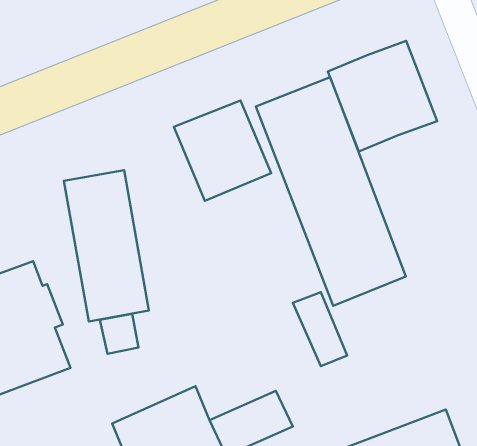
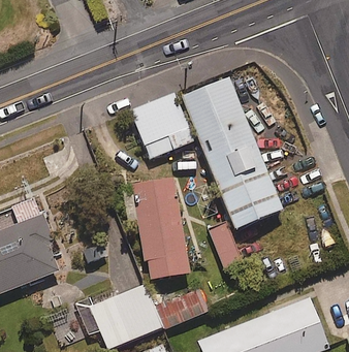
building: [328,41,437,152] -> none
building: [64,170,149,321] -> [132,179,189,280]

